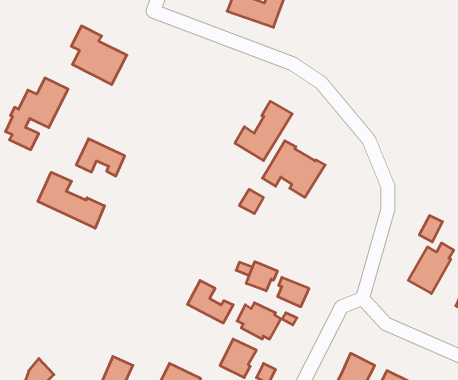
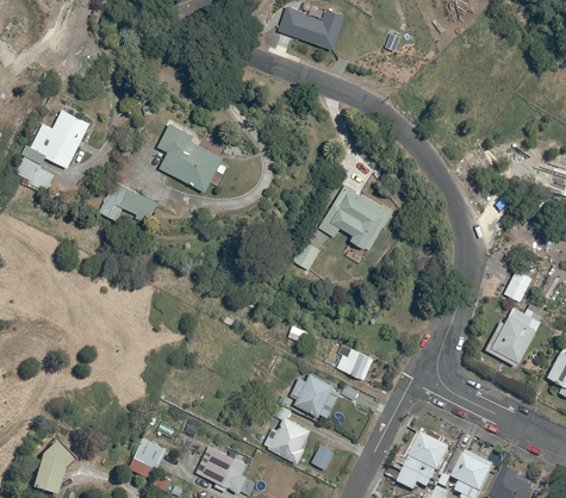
building: [71,26,127,85] -> [156,123,222,192]
building: [235,101,292,161] -> none
building: [38,172,105,228] -> none
building: [246,262,277,291] -> none
building: [187,280,233,323] -> none

